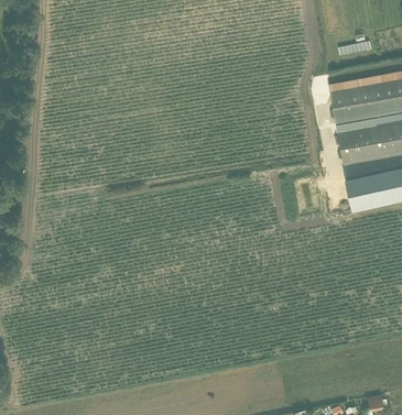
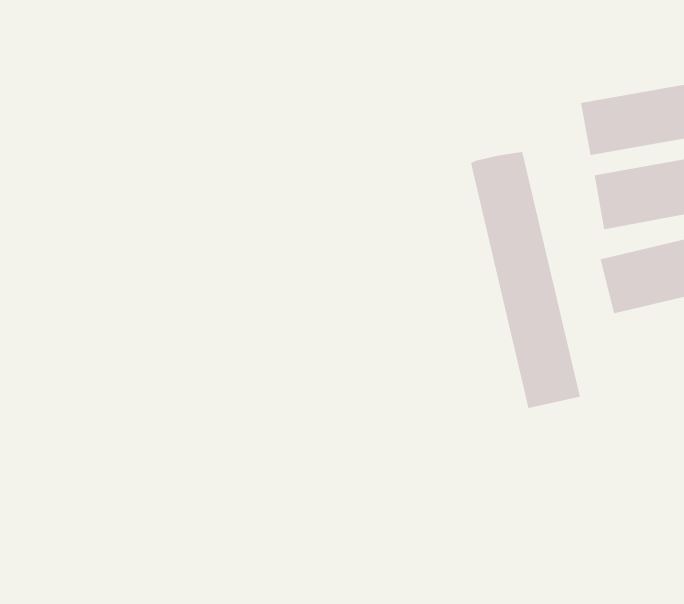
building: none -> [470,151,580,409]

